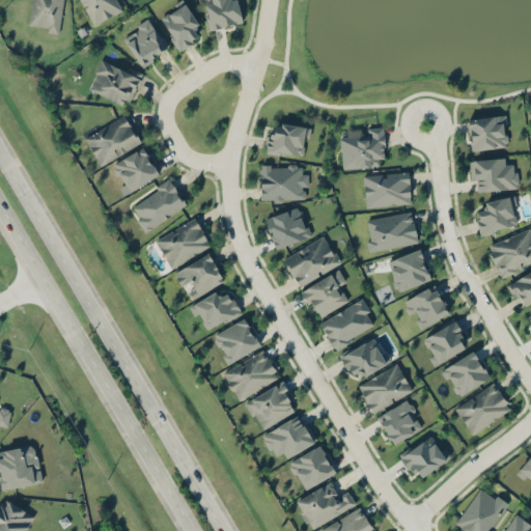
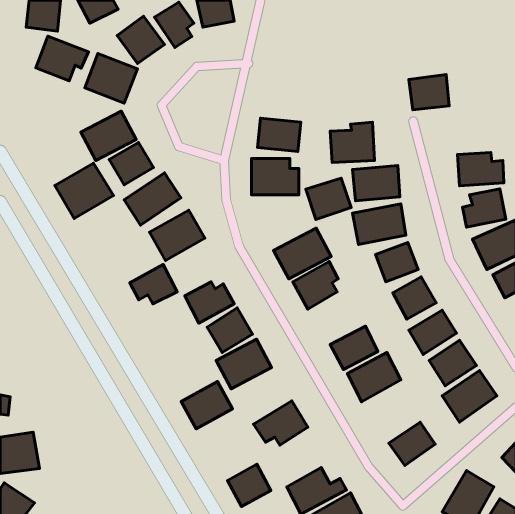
building: none -> [36,36,89,81]
building: [468,115,509,151] -> [409,74,449,110]
building: none -> [55,163,113,219]
building: [264,207,311,250] -> [306,178,351,220]
building: [175,254,224,295] -> [130,265,177,304]
building: [319,299,378,351] -> none
building: [245,383,298,431] -> [181,381,233,429]
building: [379,401,422,444] -> none
building: [290,446,335,490] -> [228,464,271,507]

